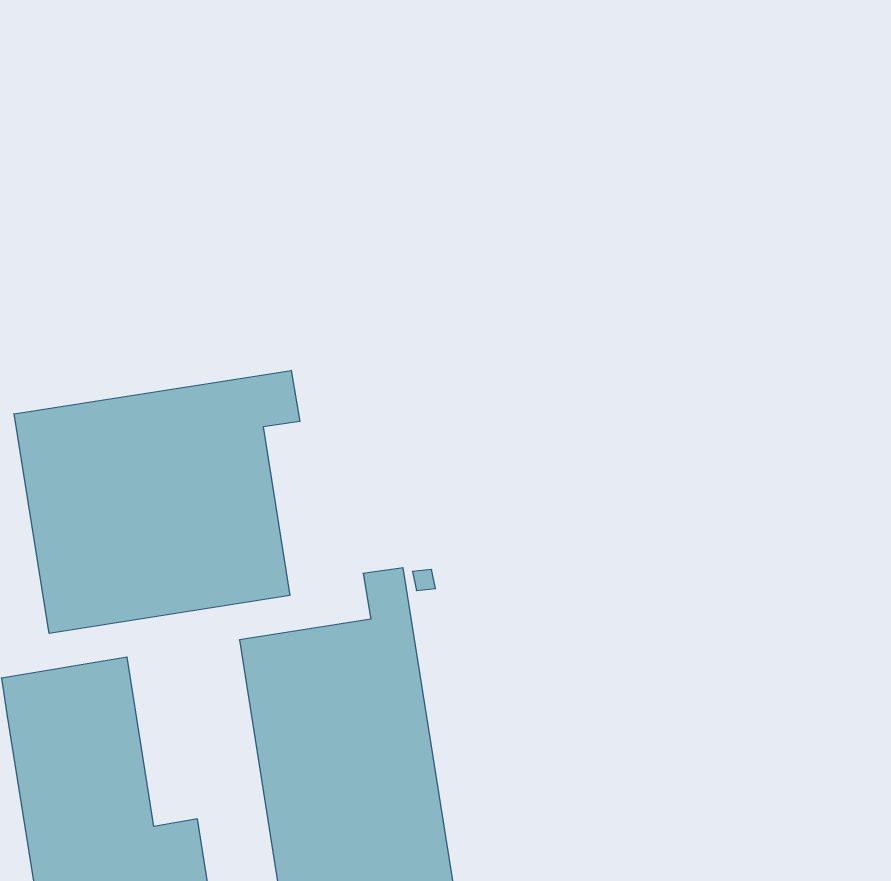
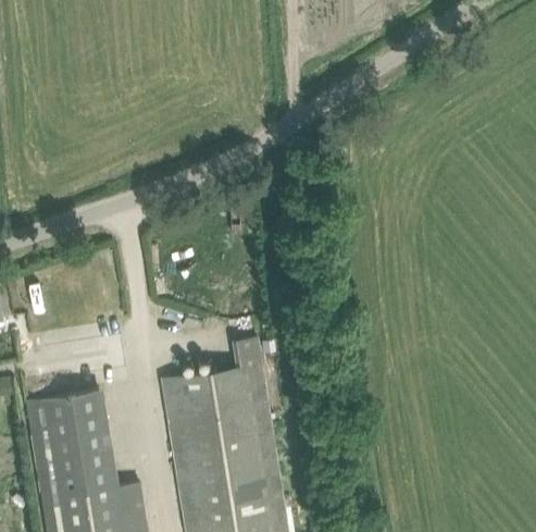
building: [14,370,300,633] -> none

